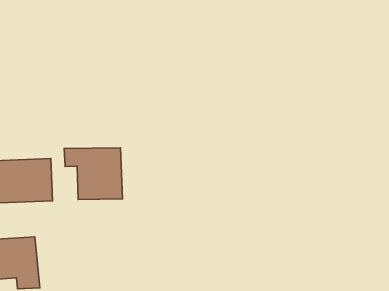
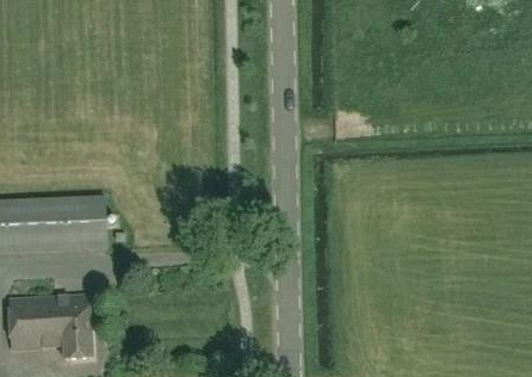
building: [64,148,122,199] -> none

